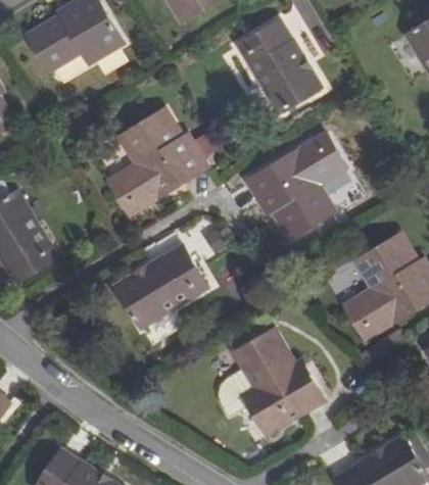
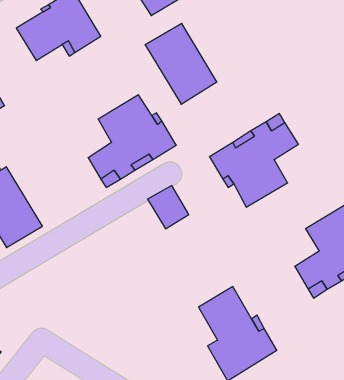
building: [239,20,321,112] -> [145,23,217,104]
building: [115,246,207,328] -> none

